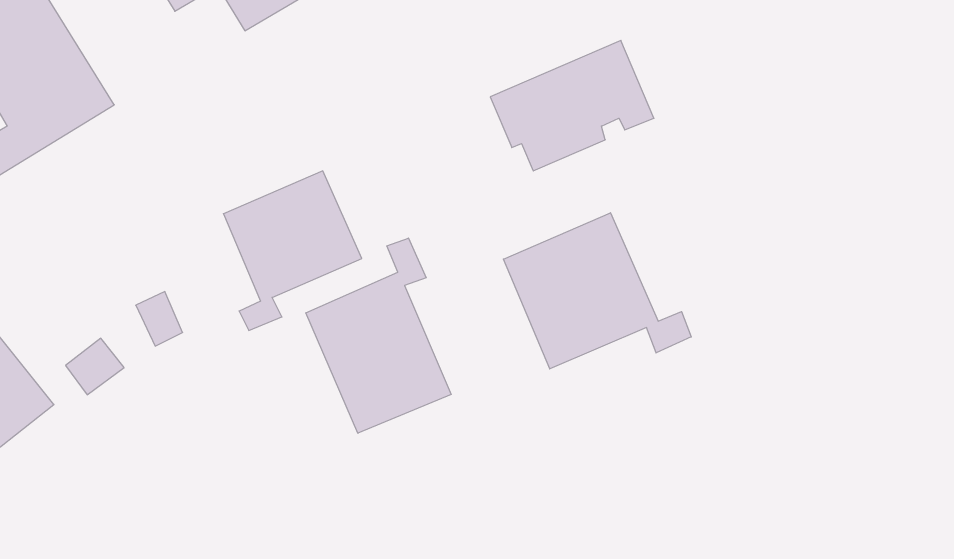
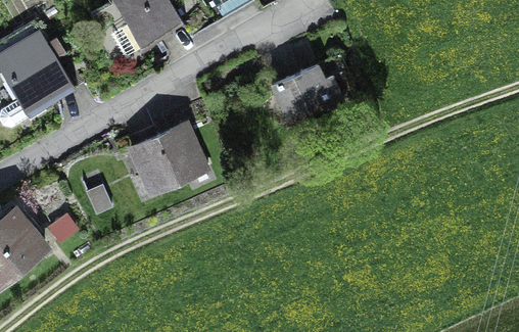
building: [503,213,691,369] -> none
building: [306,238,451,433] -> none

